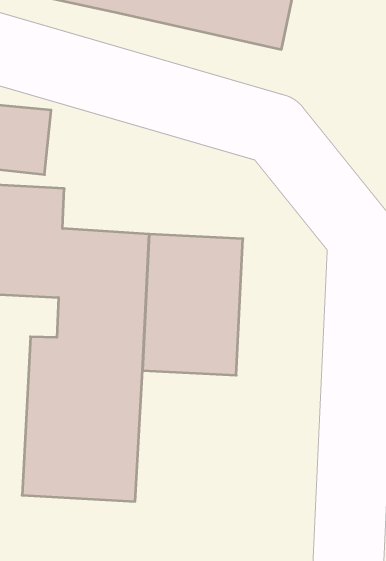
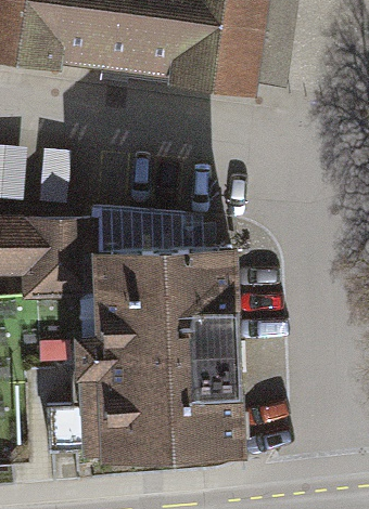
building: none -> [164,345,241,451]

